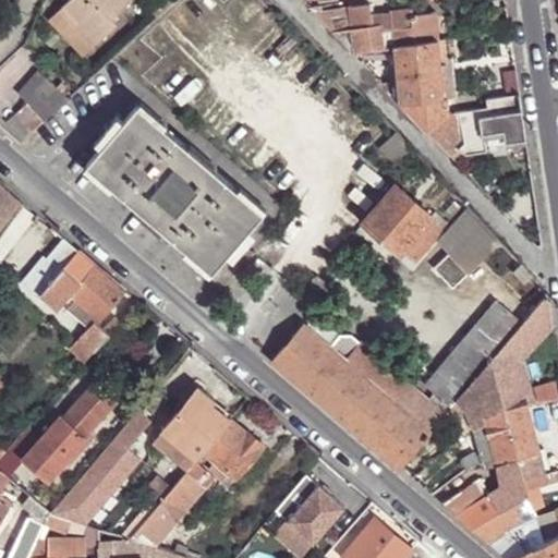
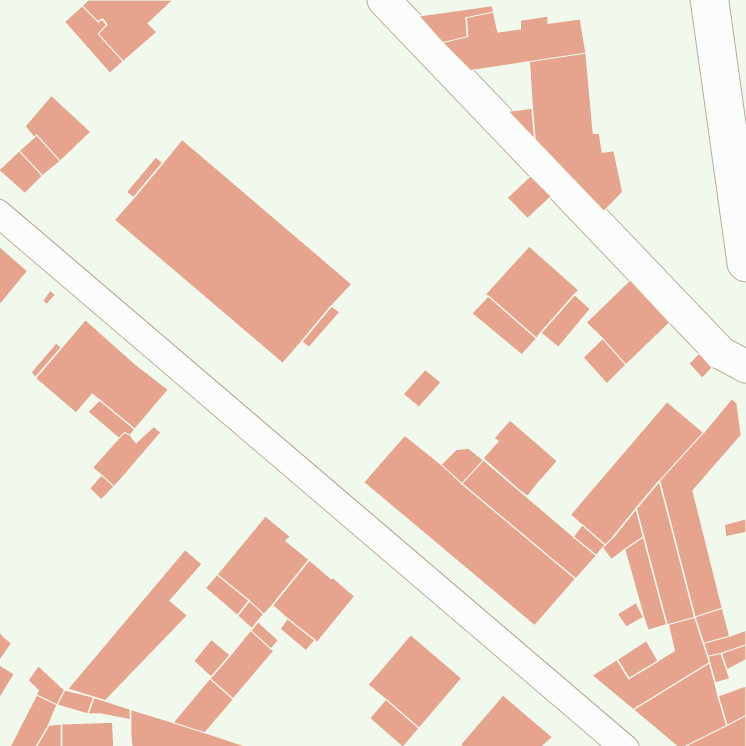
building: [457,96,524,158] -> none
building: none -> [483,420,558,496]
building: [23,383,121,483] -> none

